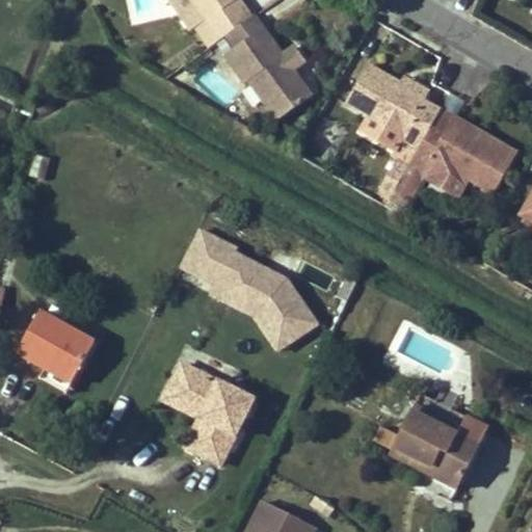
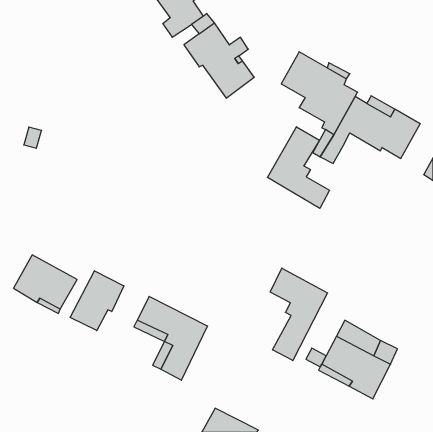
building: none -> [267,127,329,208]
building: [181,230,316,342] -> none
building: none -> [270,268,328,361]
building: none -> [70,271,124,331]

